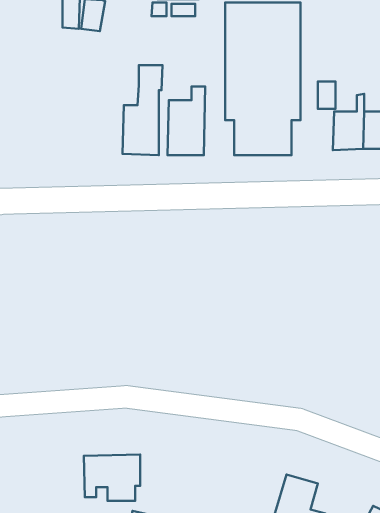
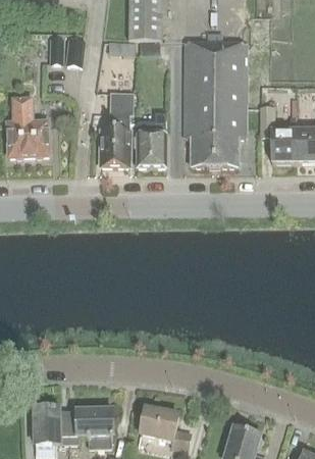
building: none -> [9,96,48,155]
building: none -> [36,406,69,444]
building: none -> [140,407,192,450]

